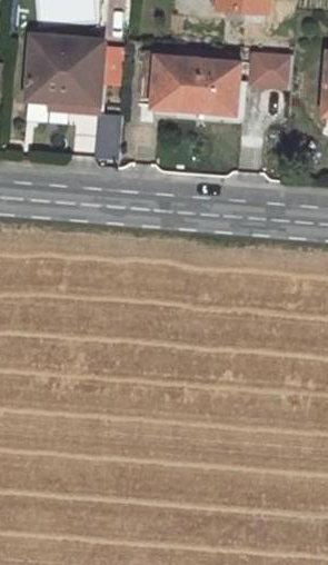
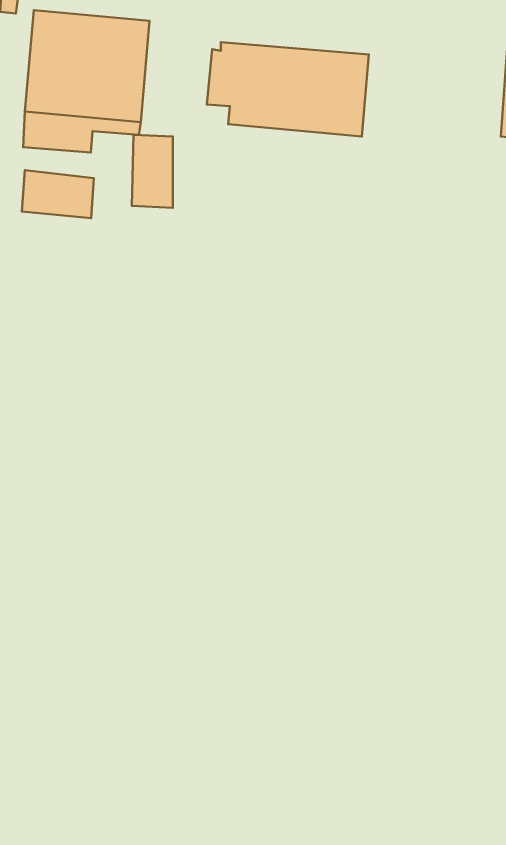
building: [250,52,292,86] -> none
building: none -> [22,170,94,218]

